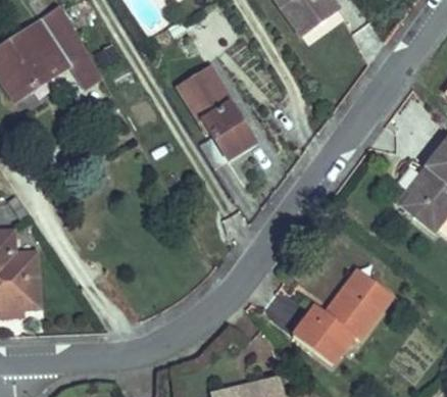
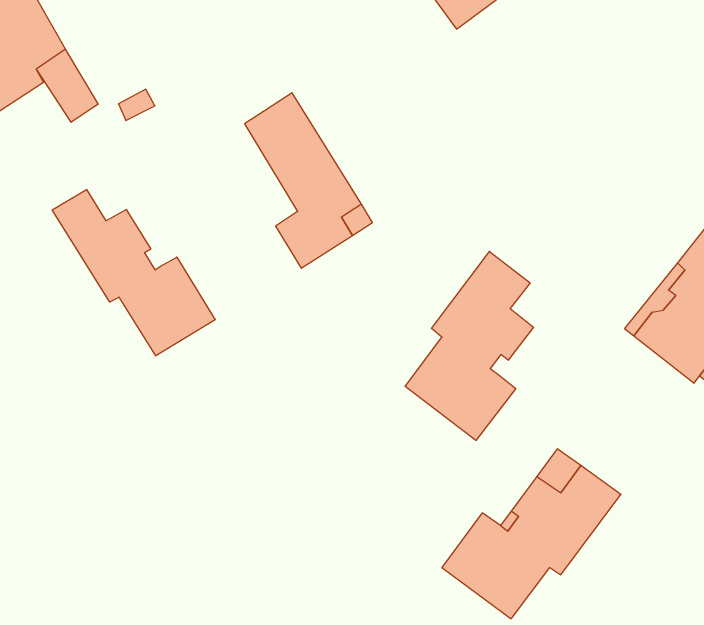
building: none -> [52,189,215,356]
building: none -> [405,251,533,440]

